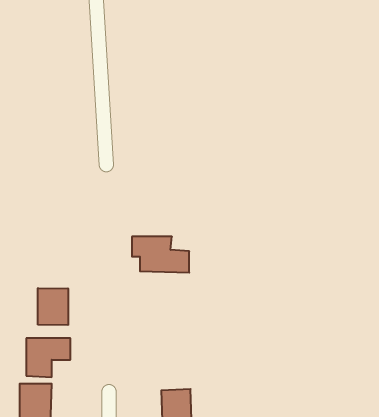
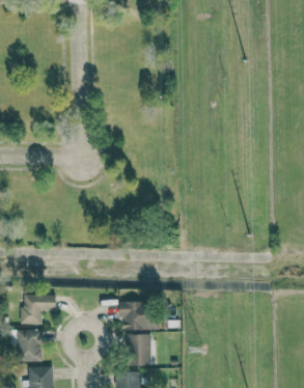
building: [132,237,189,273] -> [119,302,164,330]
building: [38,288,68,325] -> none

